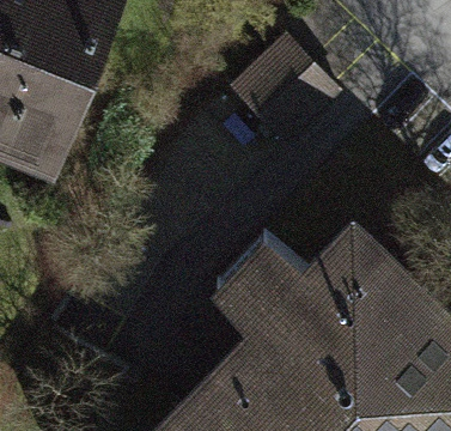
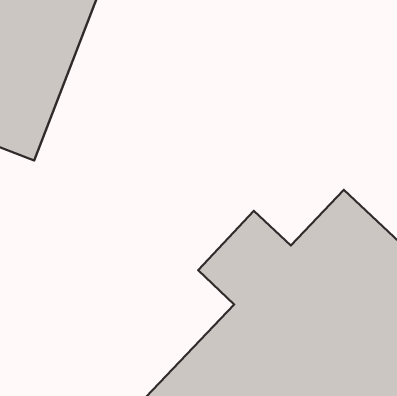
building: [225,43,340,157] -> none

